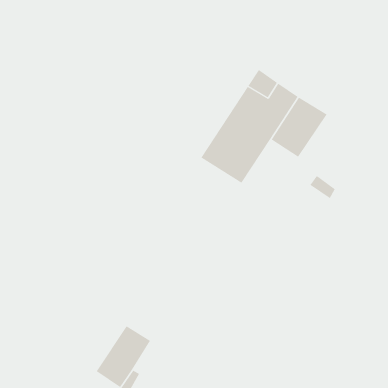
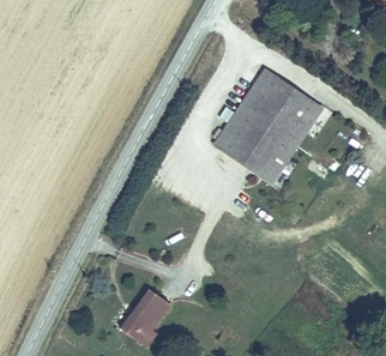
building: none -> [248,126,297,180]

